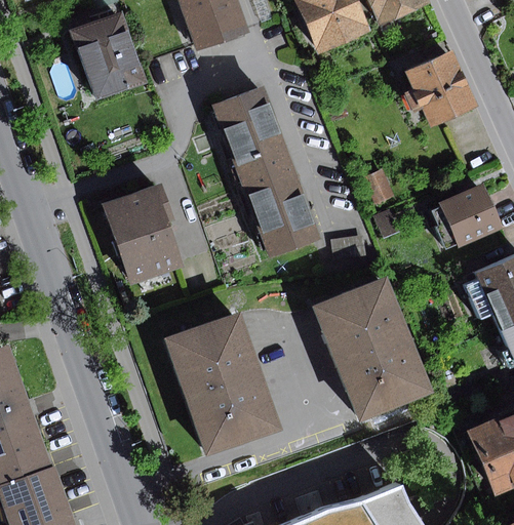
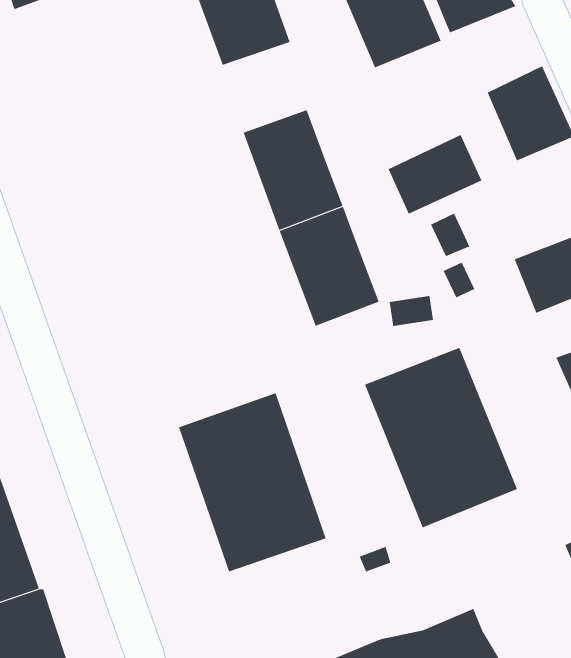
building: [62,11,155,111] -> none
building: none -> [388,134,482,215]
building: [103,183,186,284] -> none

